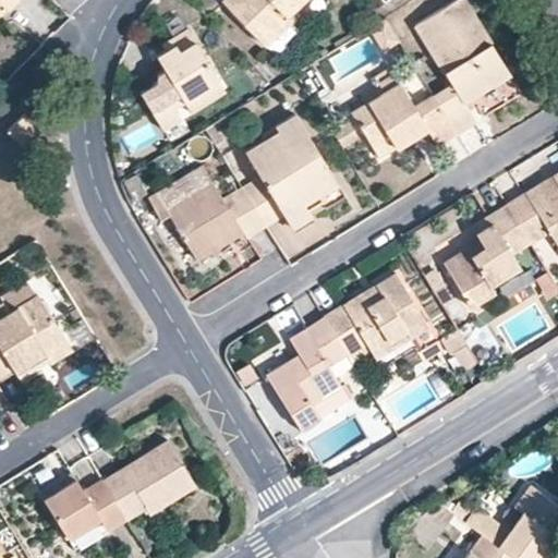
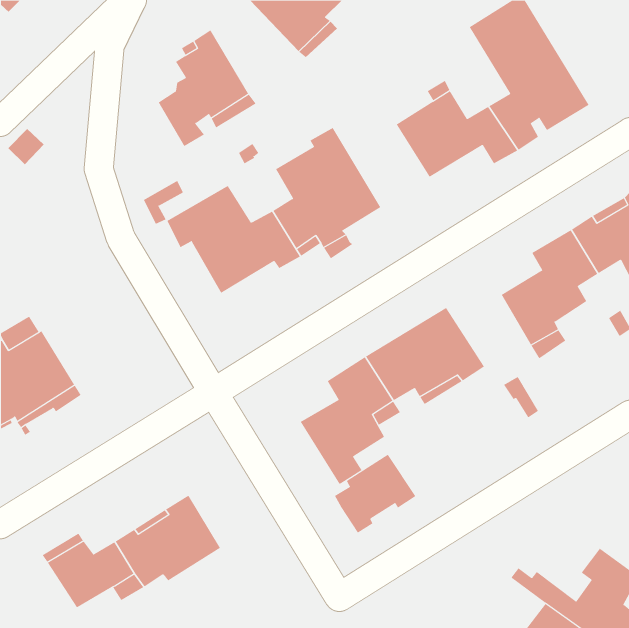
building: none -> [334,454,416,534]

